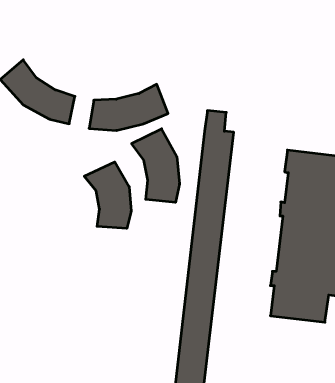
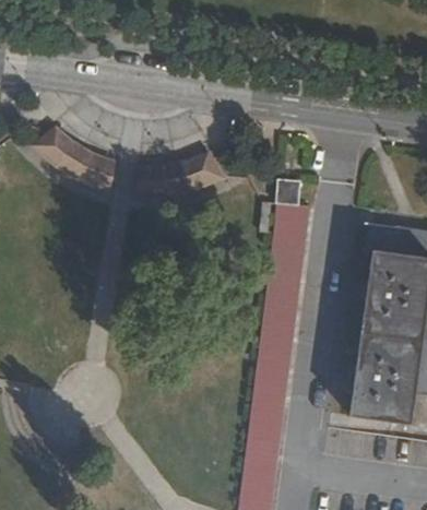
building: [132,129,179,202] -> none
building: [84,162,131,228] -> none

